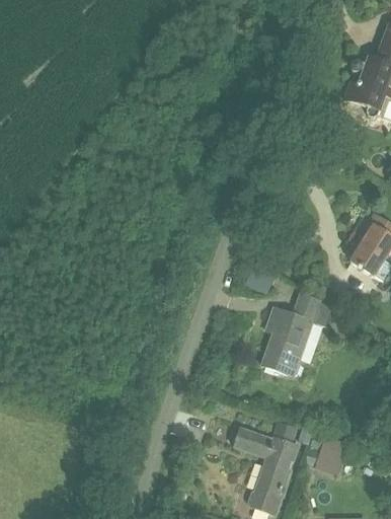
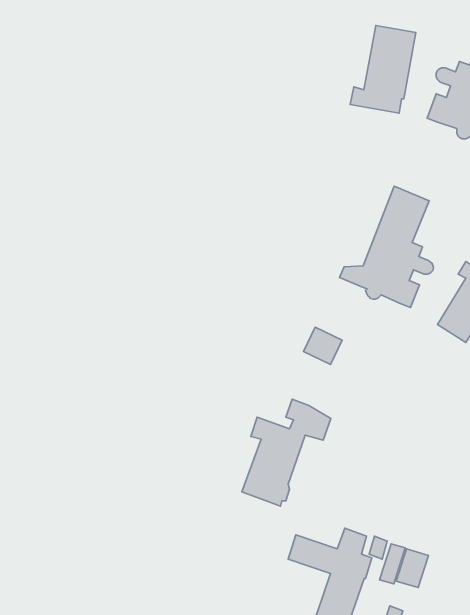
building: none -> [350,26,416,113]
building: none -> [340,186,433,308]
building: [262,293,332,377] -> [242,399,331,506]

